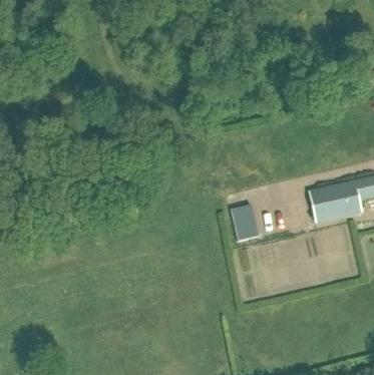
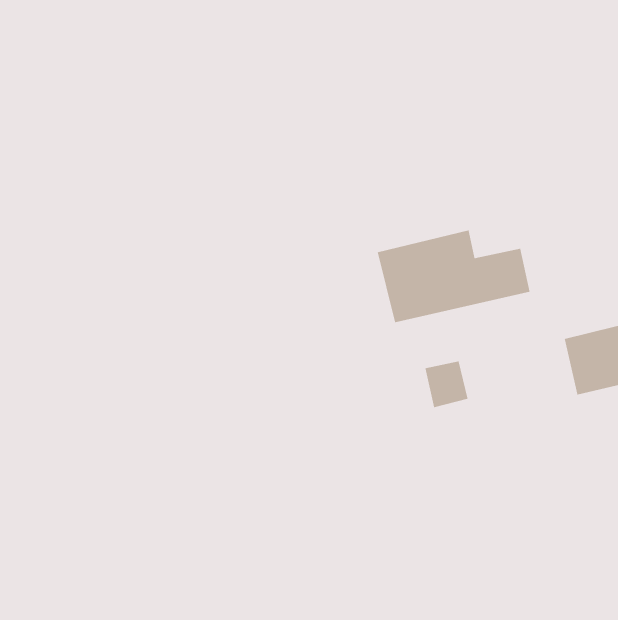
building: none -> [377,230,530,323]

